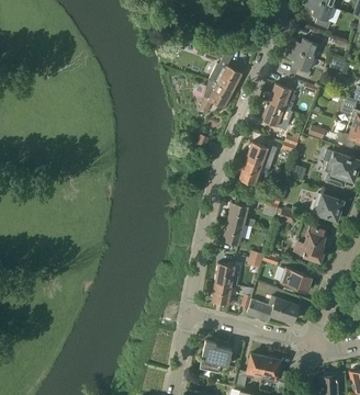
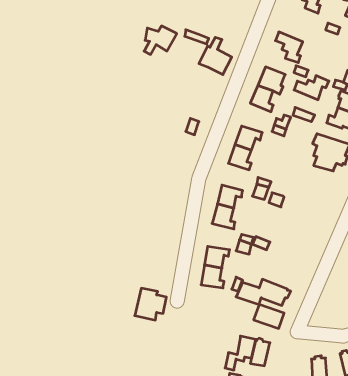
building: [290,34,325,58] -> [294,76,329,100]
building: [201,83,234,112] -> [144,26,177,54]
building: [311,193,344,221] -> none
building: [295,222,327,261] -> none
building: [281,268,312,292] -> [254,304,284,328]
building: [200,340,232,372] -> [135,288,166,320]

